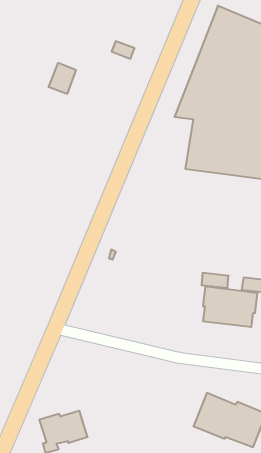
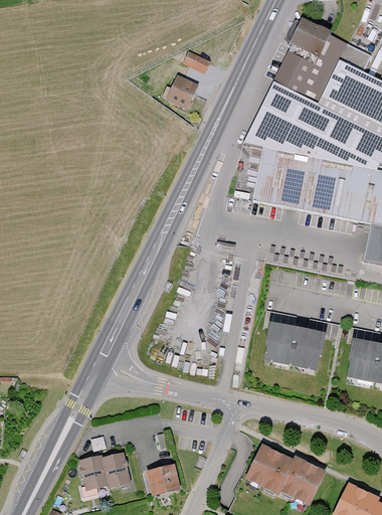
building: [48,63,76,94] -> [166,76,197,111]
building: none -> [147,464,179,494]

